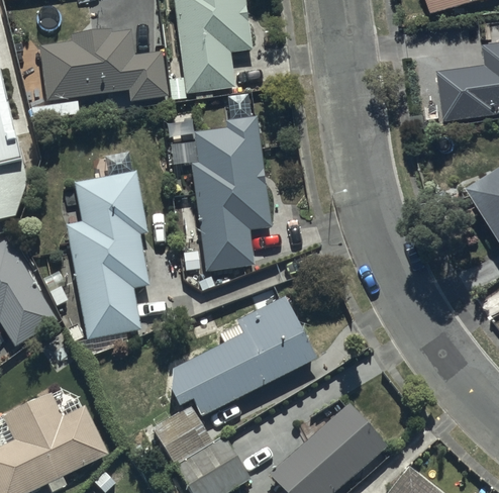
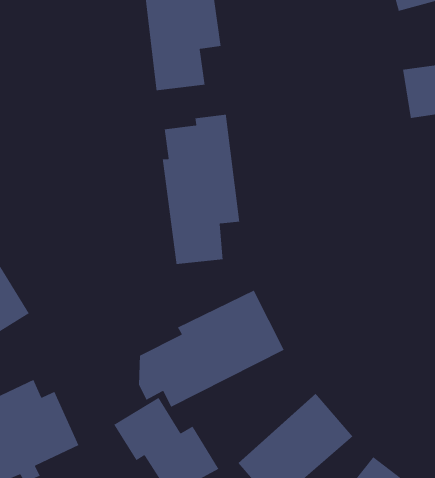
building: [37,28,169,102] -> none
building: [64,171,148,339] -> none

